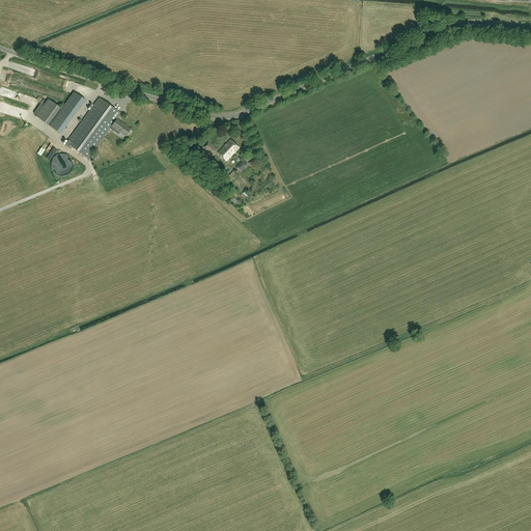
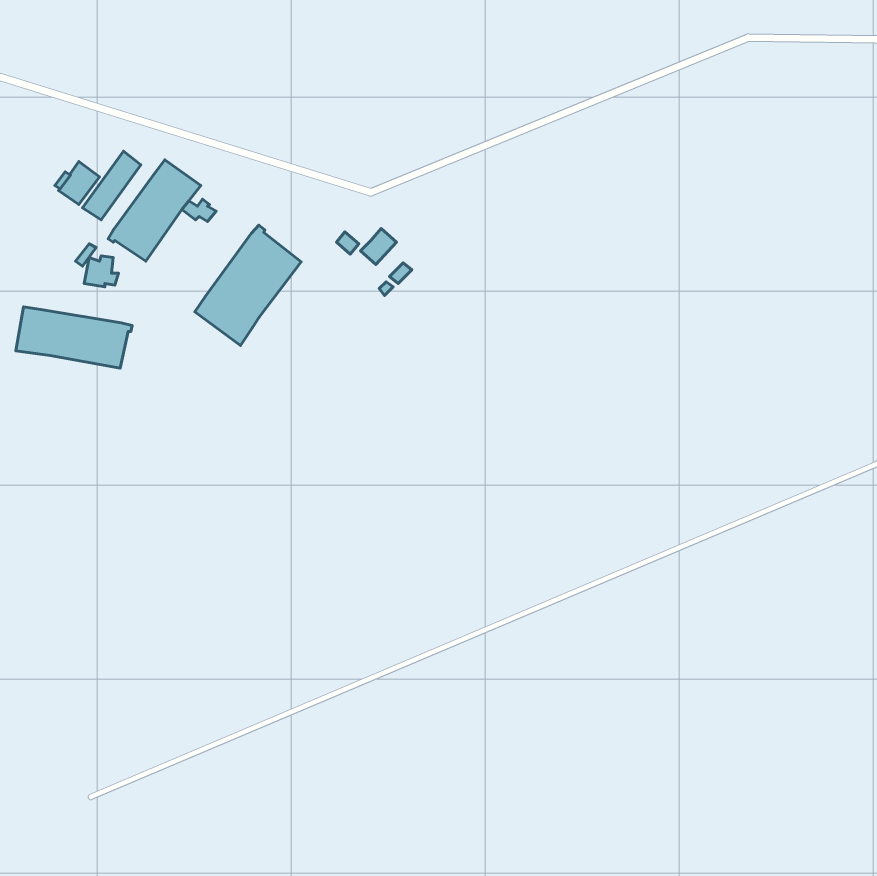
building: none -> [195,225,301,346]
building: none -> [16,307,132,368]

